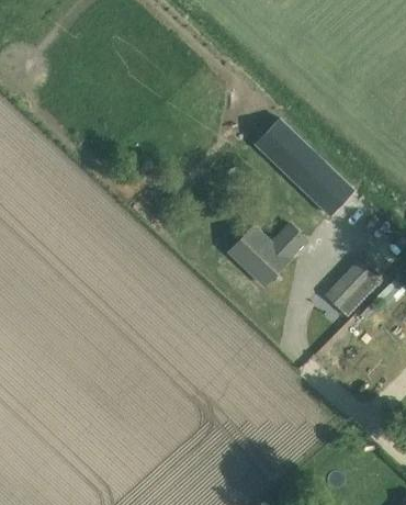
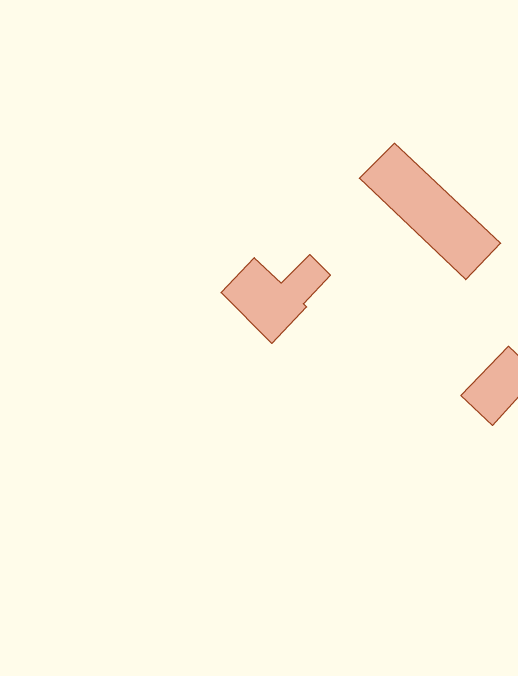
building: [229,223,305,284] -> [221,255,330,343]

